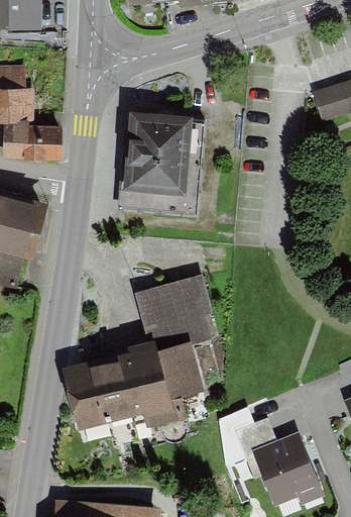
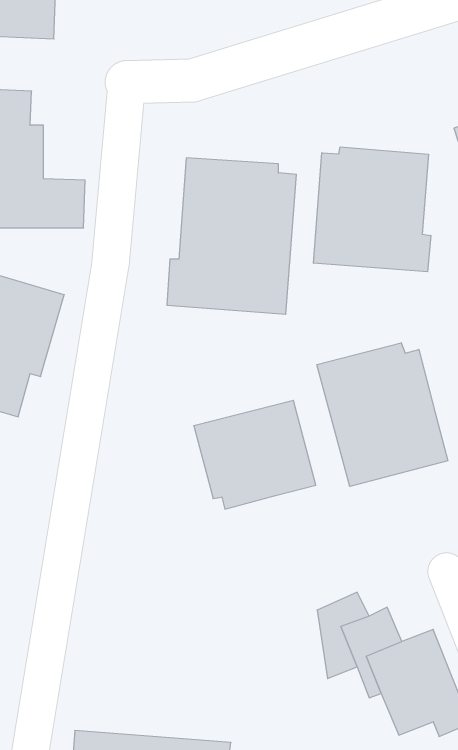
building: none -> [314,147,431,272]
building: none -> [317,343,448,486]
building: [64,341,204,430] -> none

